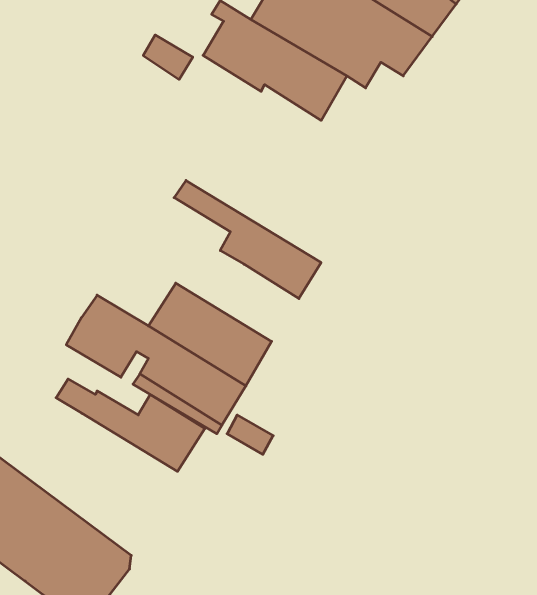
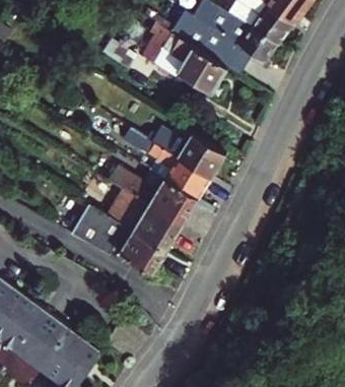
building: none -> [131,116,225,177]
building: [56,379,205,471] -> [110,169,198,223]

